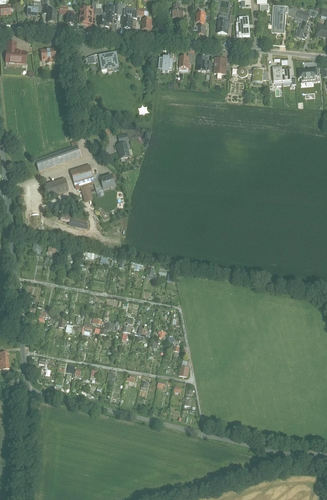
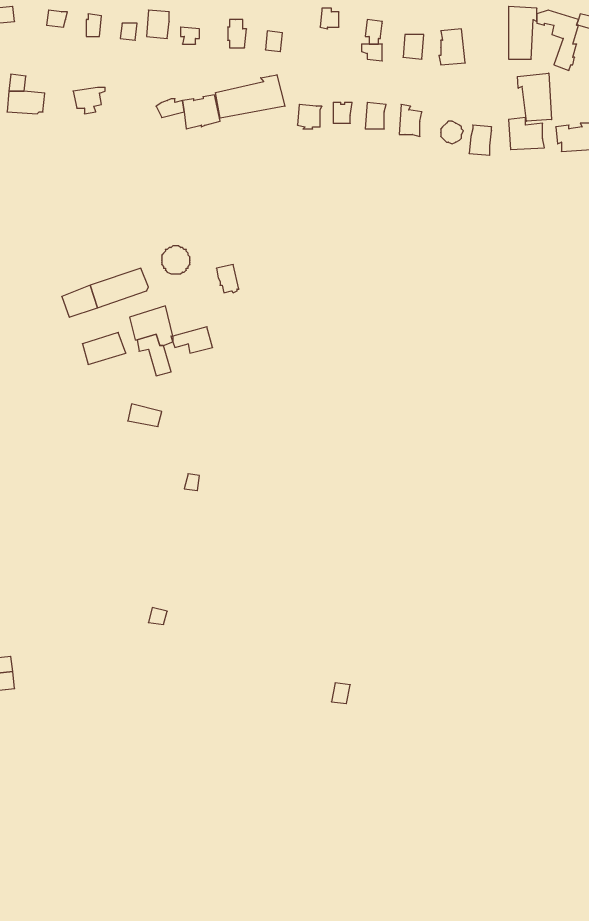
building: none -> [517,73,552,121]
building: none -> [216,75,285,118]

